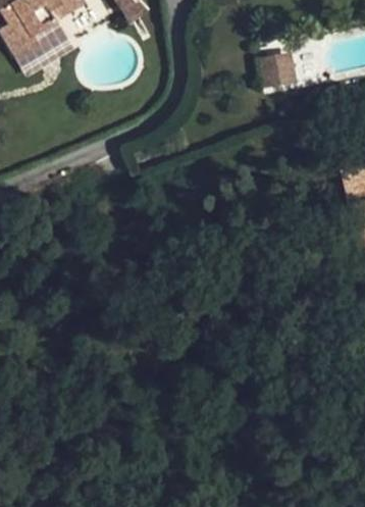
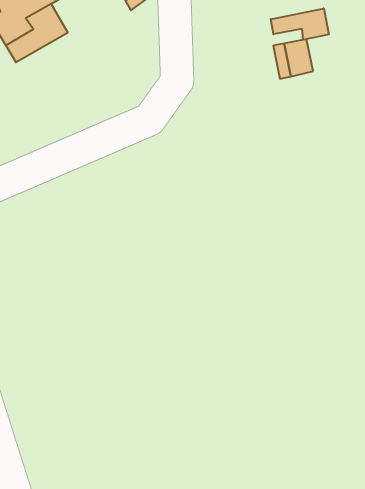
building: none -> [271,8,329,40]

